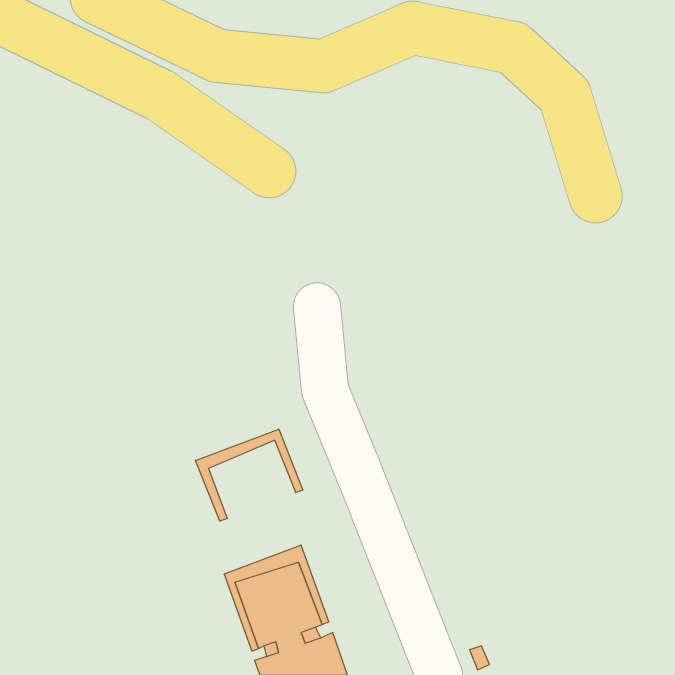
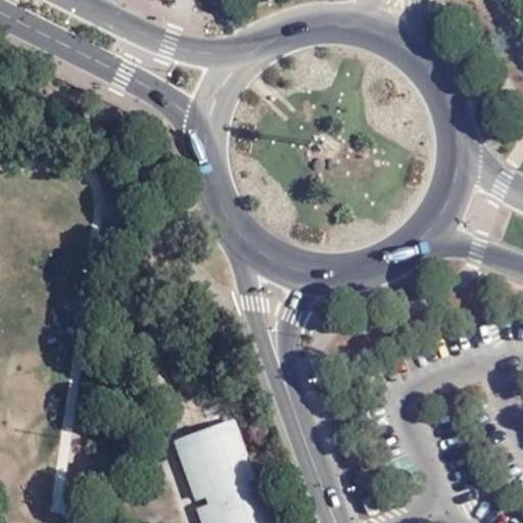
building: [196,429,303,521] -> none

